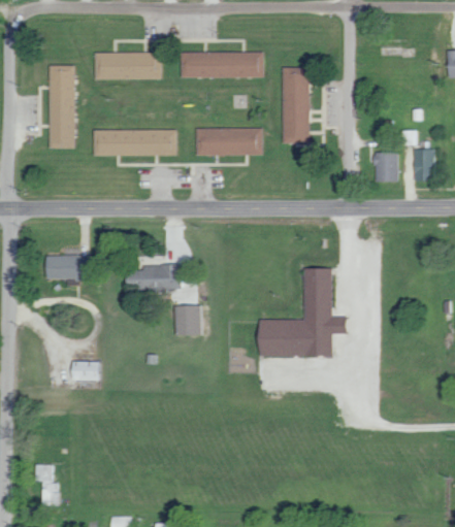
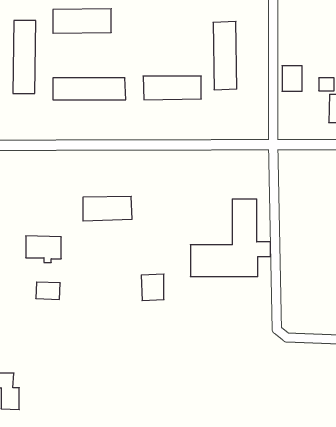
building: [183,52,264,77] -> none
building: [370,152,393,180] -> [282,66,302,91]
building: [50,255,90,285] -> [26,236,61,262]
building: [177,305,203,335] -> [141,274,164,301]

